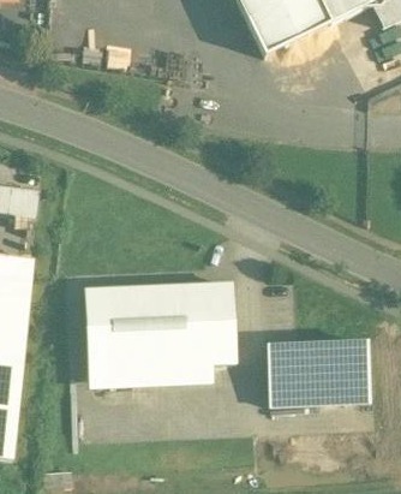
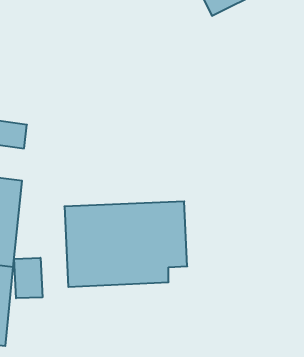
building: [267,340,369,404] -> none
building: none -> [14,258,42,298]

